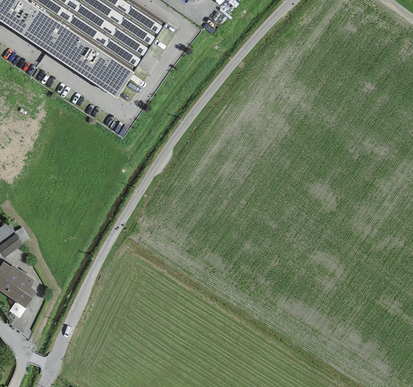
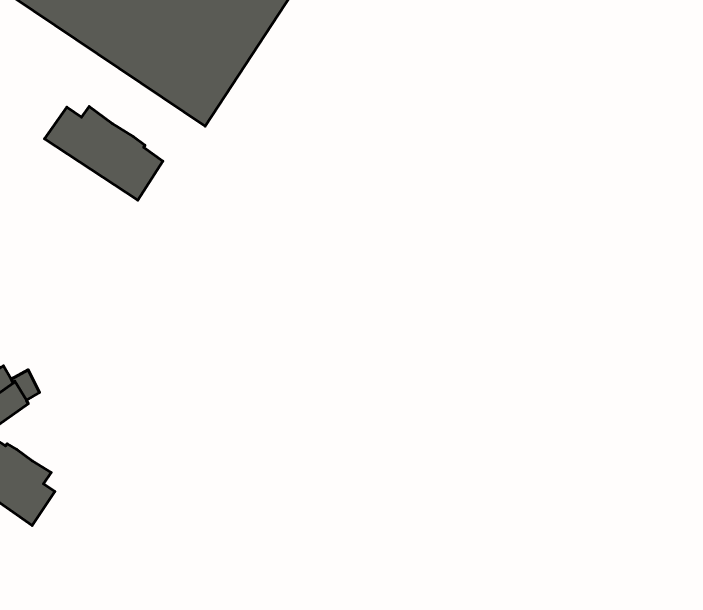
building: none -> [44,107,163,200]

